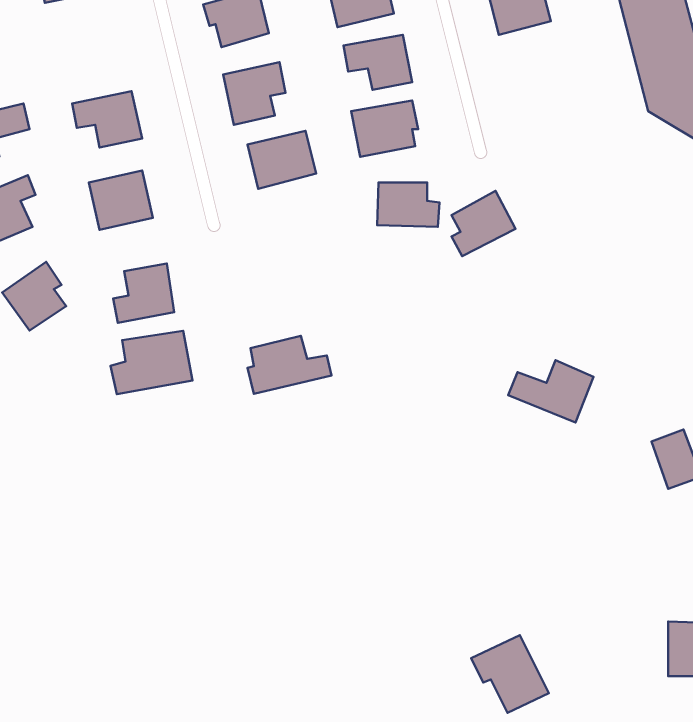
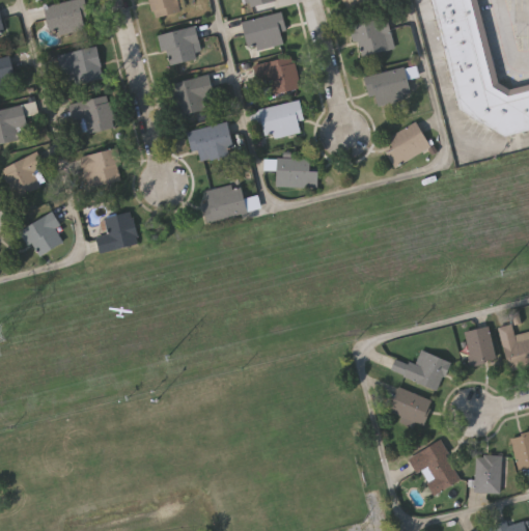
building: none -> [58,47,101,85]
building: none -> [368,66,412,104]
building: [451,191,515,256] -> [387,120,430,165]
building: [111,331,193,394] -> none
building: [248,336,331,394] -> [203,181,260,221]
building: [508,360,594,423] -> [389,348,447,391]
building: none -> [387,387,431,425]
building: [471,635,549,713] -> [407,441,460,494]

